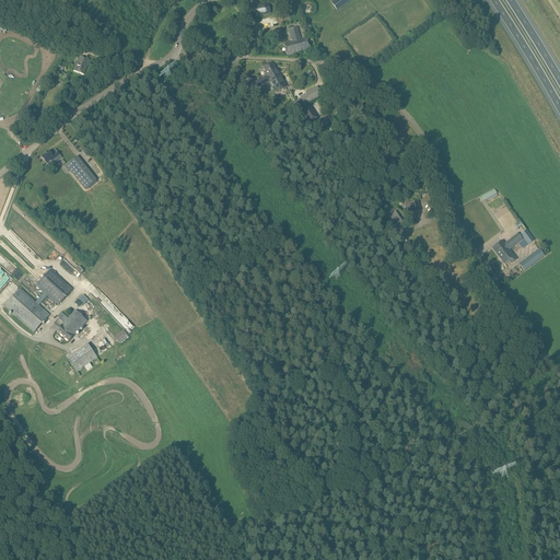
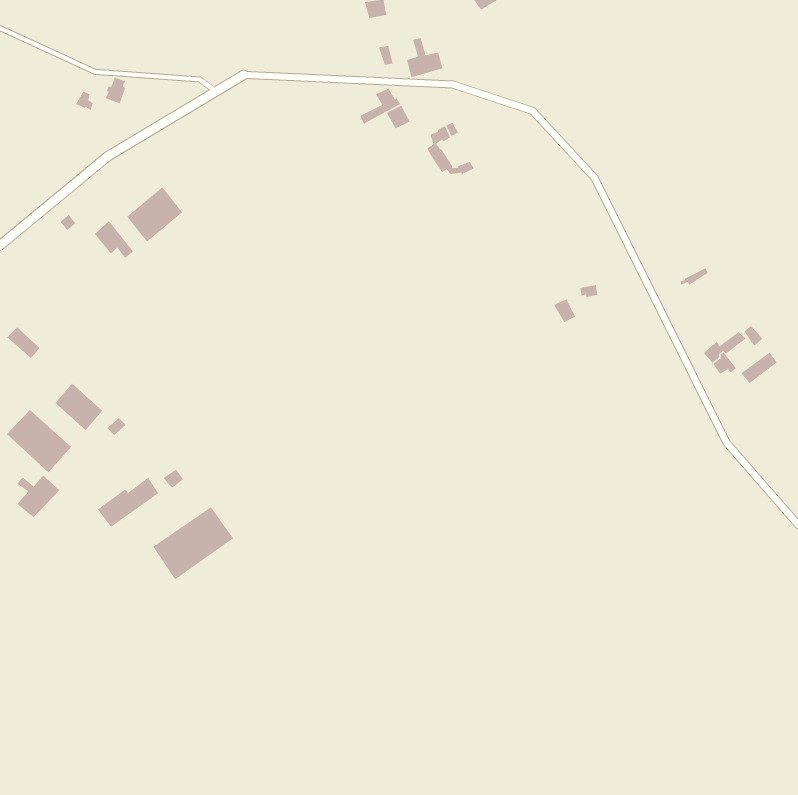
building: none -> [126,186,183,243]
building: [57,308,88,339] -> [16,474,60,518]
building: none -> [152,506,234,581]

